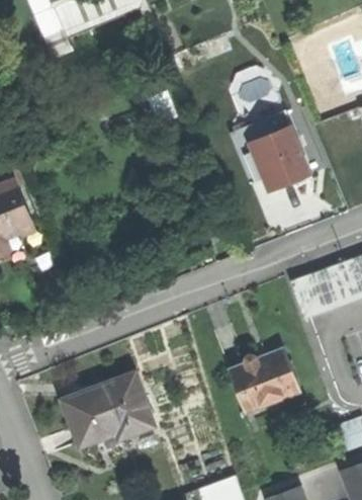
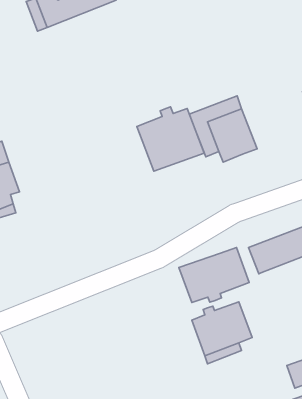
building: none -> [137,107,204,171]
building: none -> [179,248,249,303]
building: [66,379,154,447] -> none

